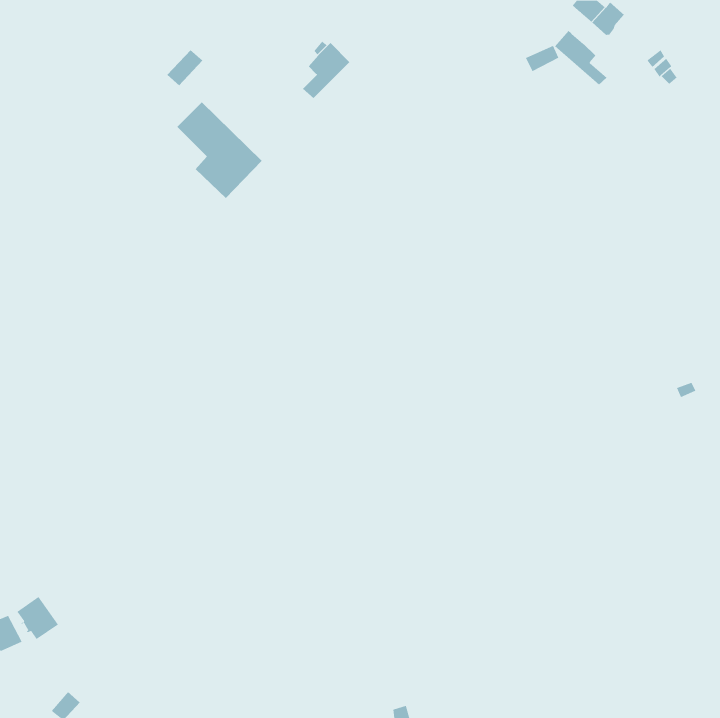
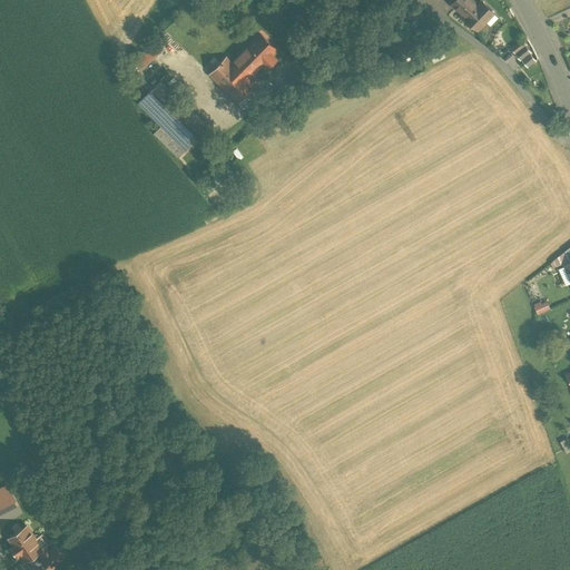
building: [554,30,607,85] -> none
building: none -> [207,55,255,105]
building: [16,596,59,640] -> [8,528,41,562]

